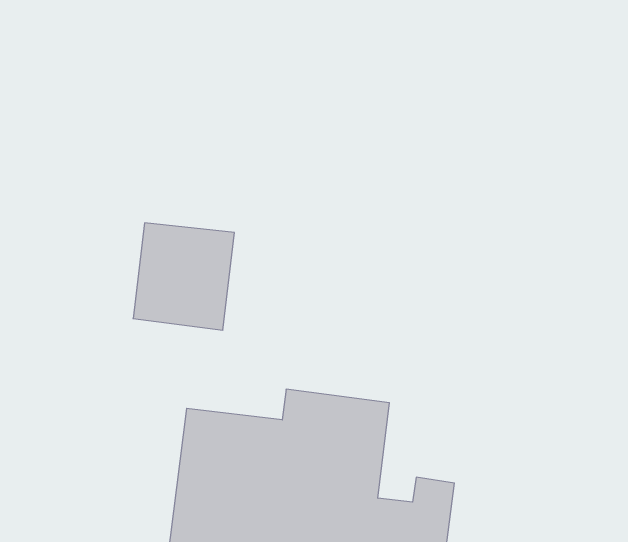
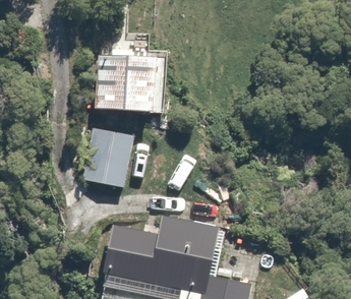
building: none -> [95,52,164,115]

